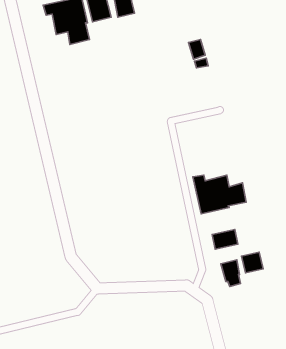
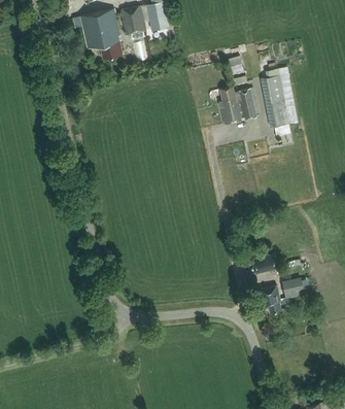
building: none -> [261,69,288,128]
building: none -> [219,88,257,125]
building: [193,175,246,214] -> none

